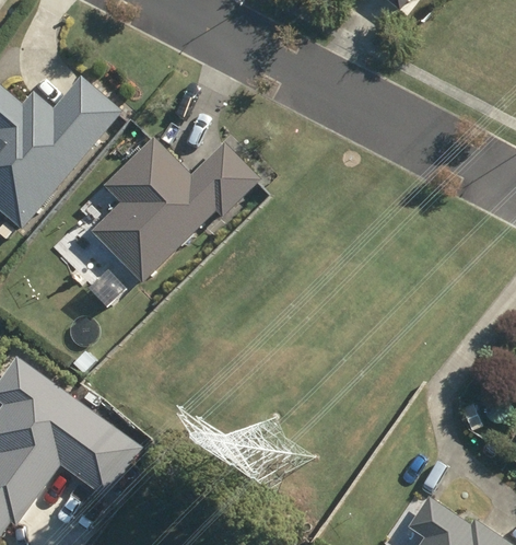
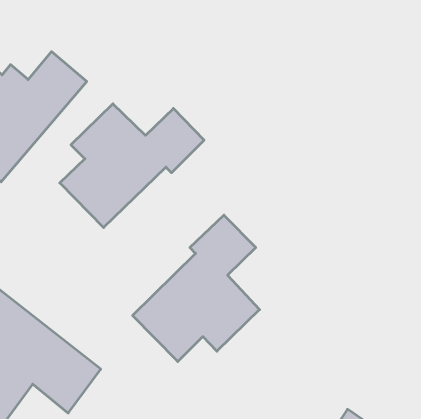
building: none -> [133,215,260,362]

